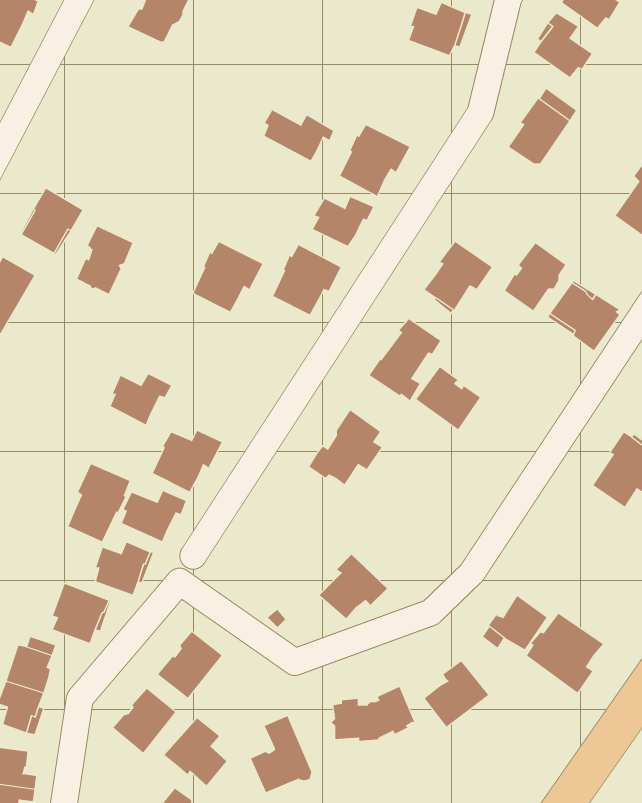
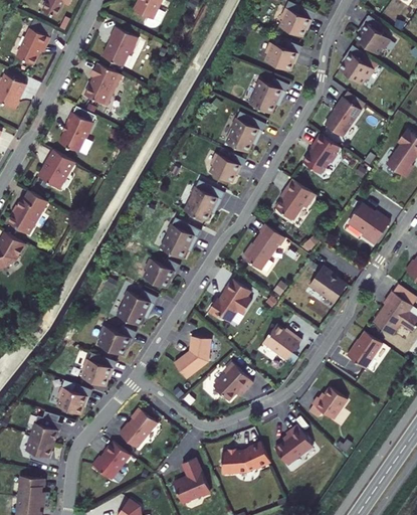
building: none -> [83,62,121,104]
building: none -> [248,73,289,115]
building: [264,110,334,161] -> none
building: [76,226,133,294] -> [60,112,93,152]
building: [193,242,263,312] -> [160,218,201,260]
building: [504,243,566,311] -> [302,135,339,175]
building: [415,367,481,430] -> [308,267,347,304]
building: [110,374,172,425] -> [144,259,180,289]
building: [68,464,130,542] -> none
building: none -> [263,324,301,360]
building: none -> [346,332,382,369]
building: none -> [174,338,210,380]
building: [526,613,604,693] -> none
building: [163,718,227,786] -> none

